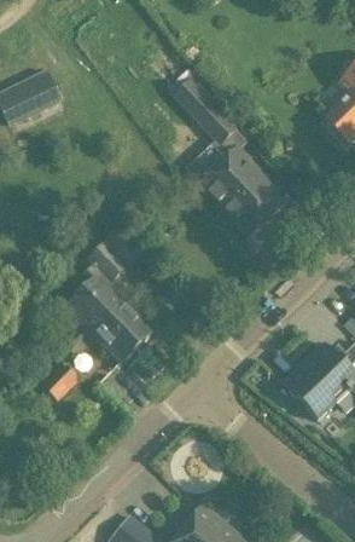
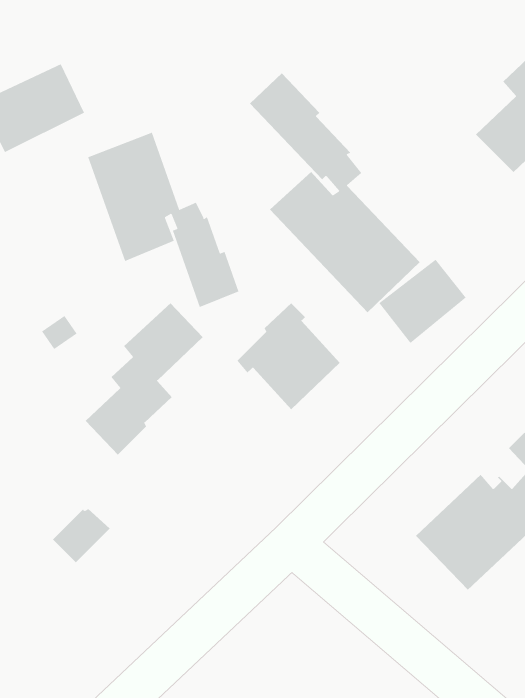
building: none -> [88,132,239,308]
building: none -> [379,259,466,344]
building: [85,290,153,362] -> [236,302,340,410]

